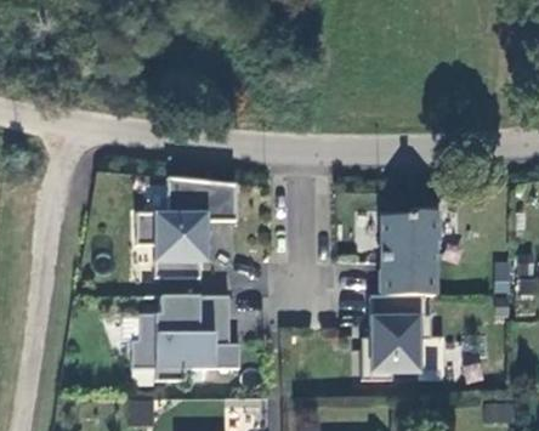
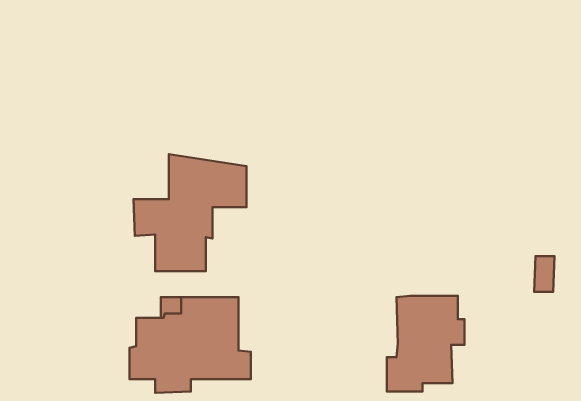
building: [382,211,439,295] -> none

